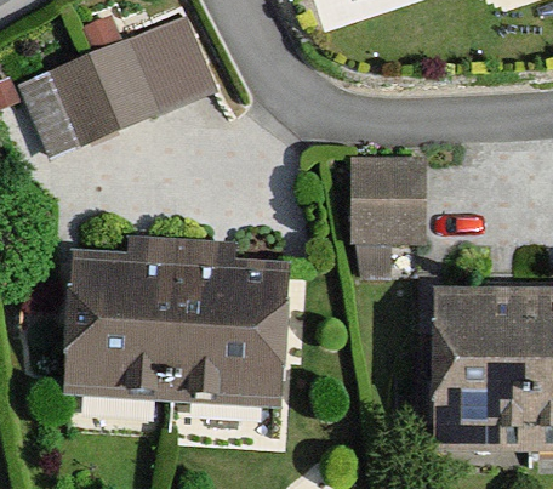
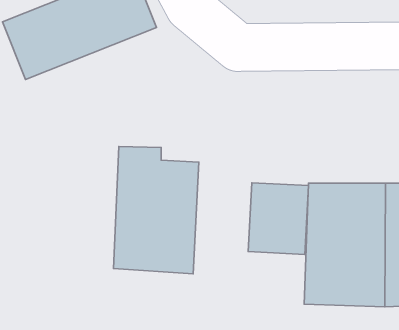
building: [353,152,433,246] -> [248,183,309,254]
building: [58,238,181,403] -> none

